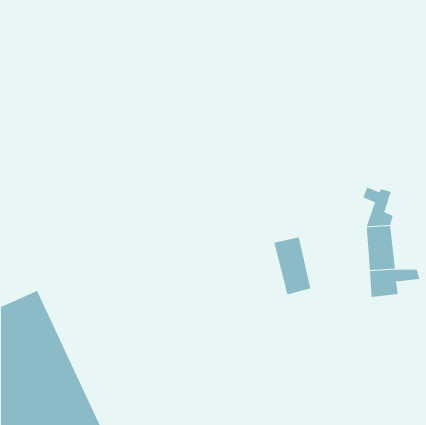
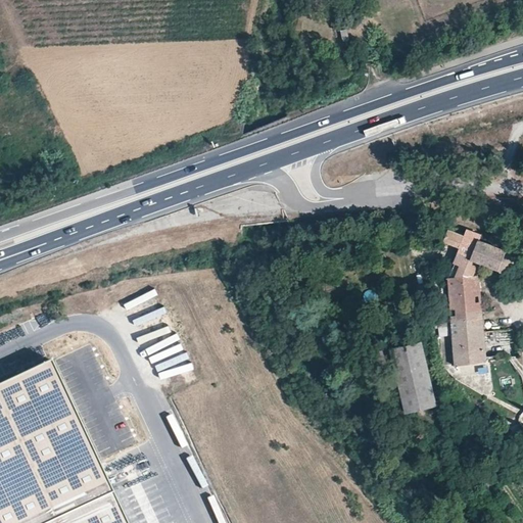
building: none -> [472,241,514,273]
building: [274,237,311,295] -> [390,342,436,414]

